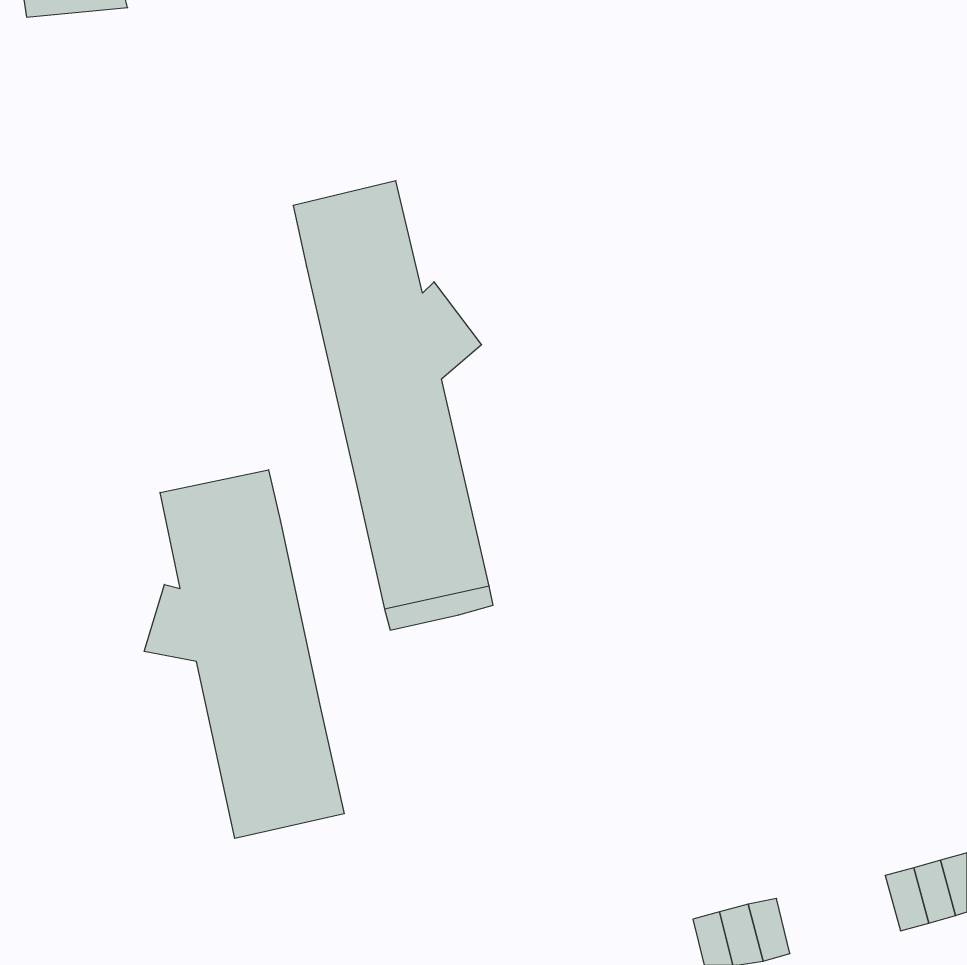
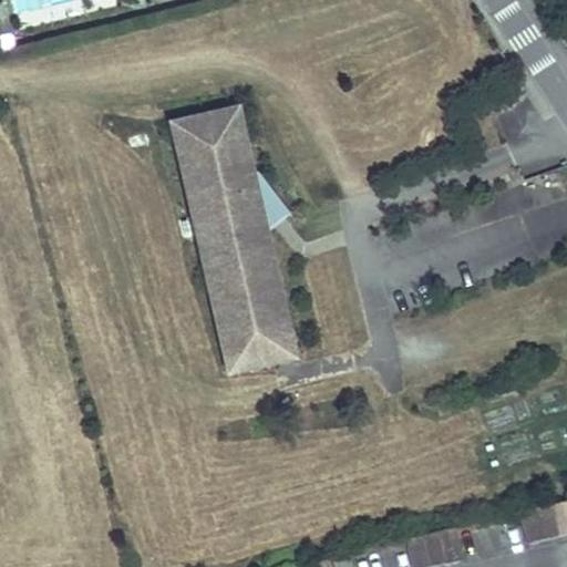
building: [144,470,344,838] -> none

